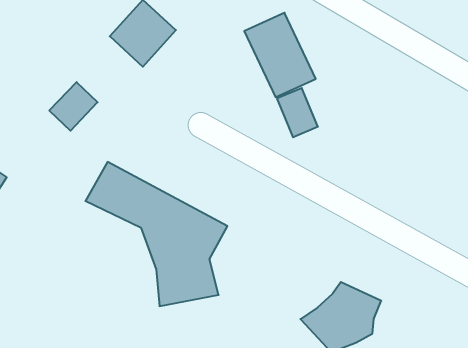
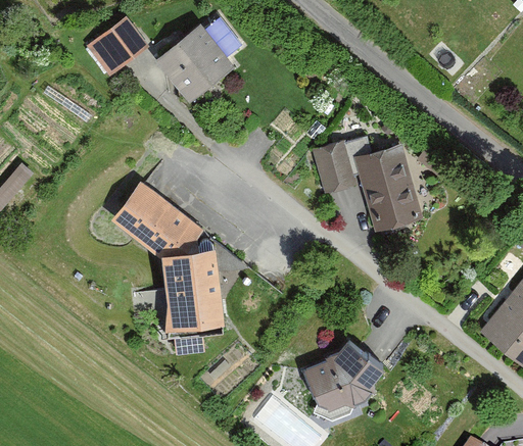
building: [244,13,316,97] -> [358,146,420,228]
building: [49,82,98,131] -> [92,22,141,69]

